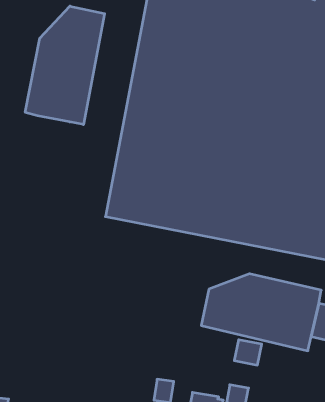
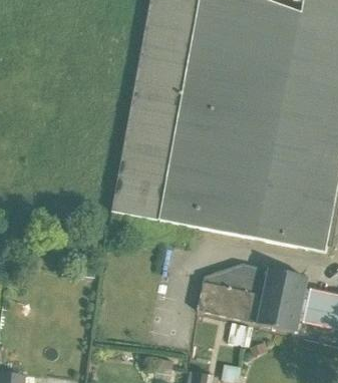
building: [25,6,105,125] -> none

